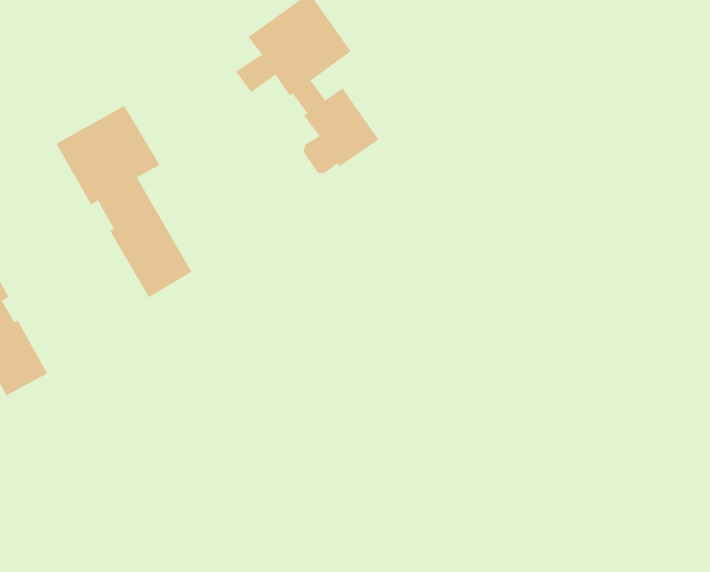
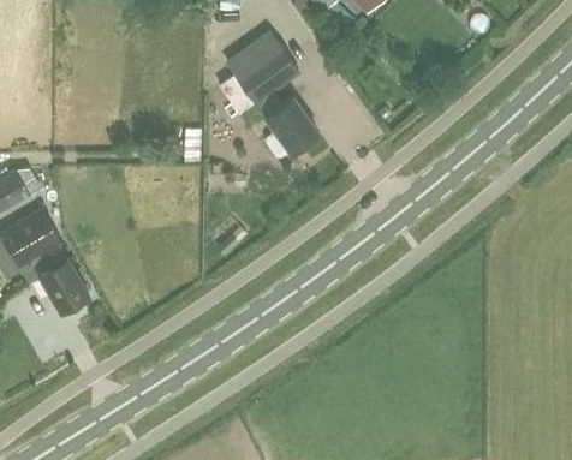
building: [56,105,192,298] -> none

